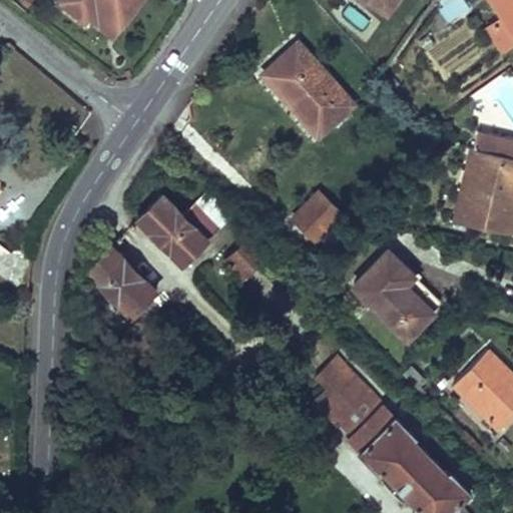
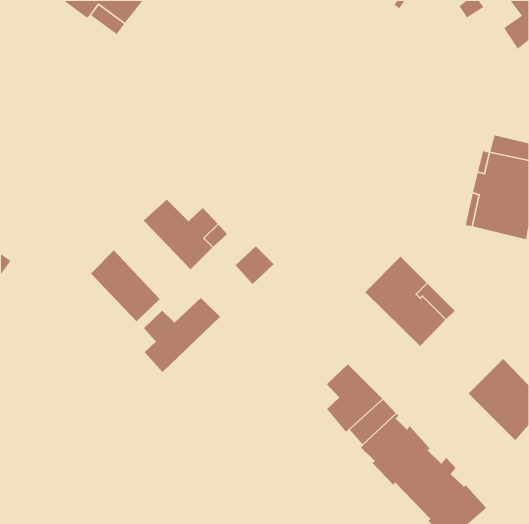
building: [265,47,351,136] -> none
building: [293,196,340,242] -> none
building: none -> [143,297,221,373]

